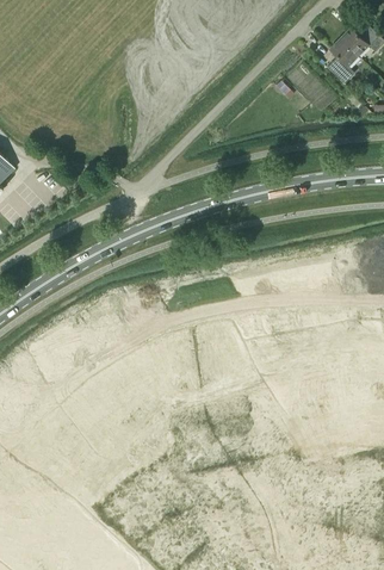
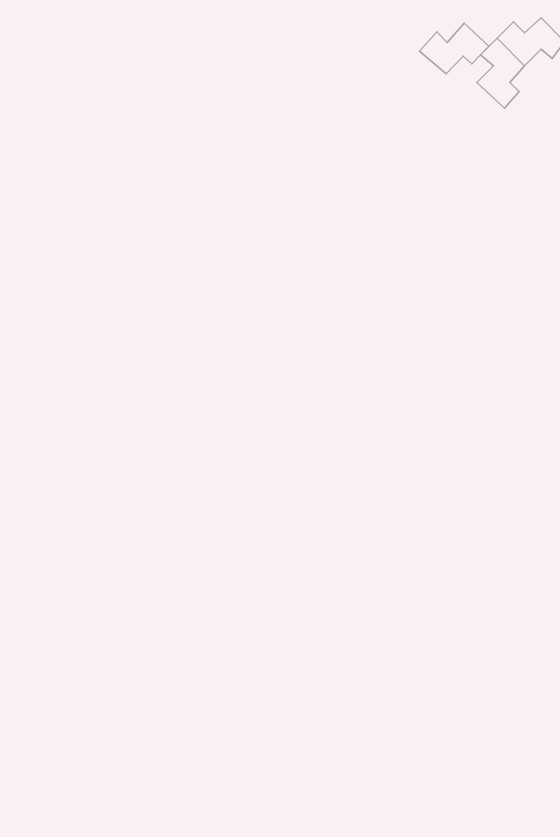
building: none -> [420,23,489,74]

